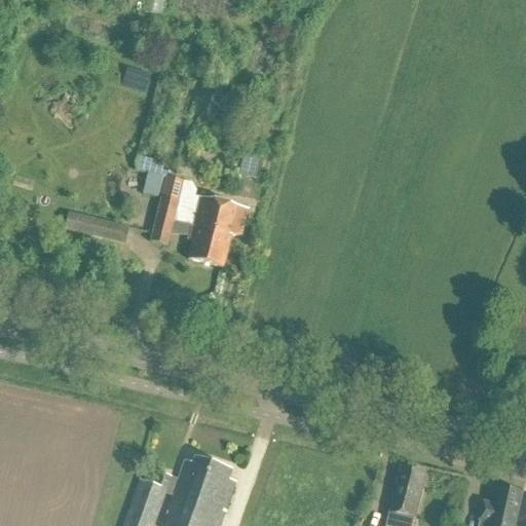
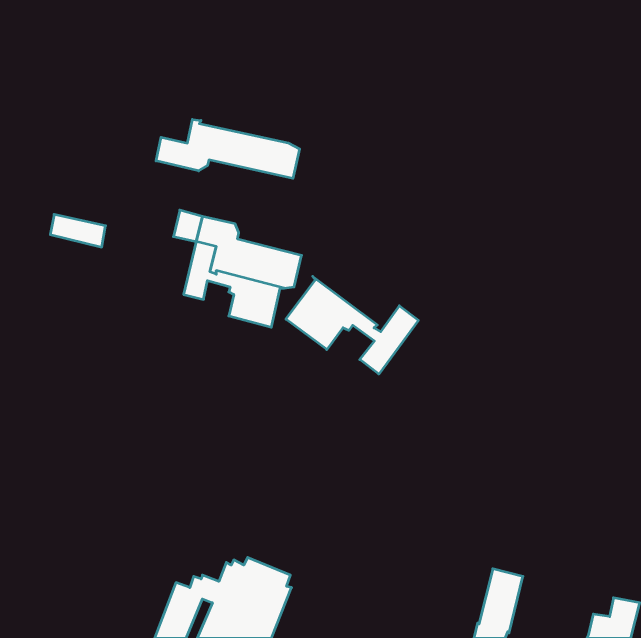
building: none -> [156,119,300,178]
building: [65,214,110,240] -> [50,214,106,247]
building: none -> [286,276,418,374]

